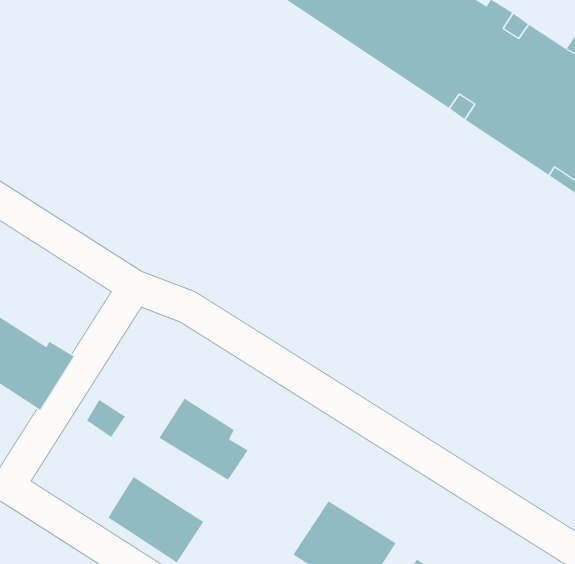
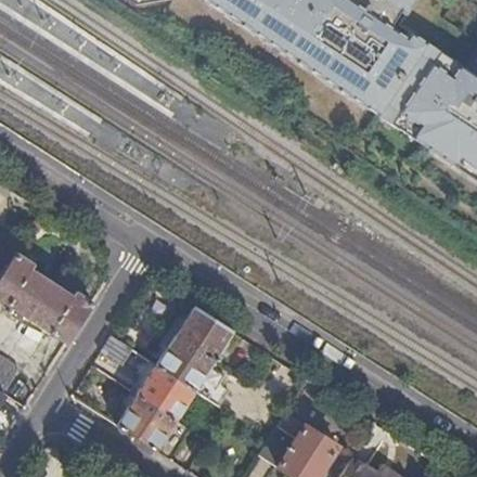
building: none -> [177,305,234,359]
building: none -> [138,364,196,418]

